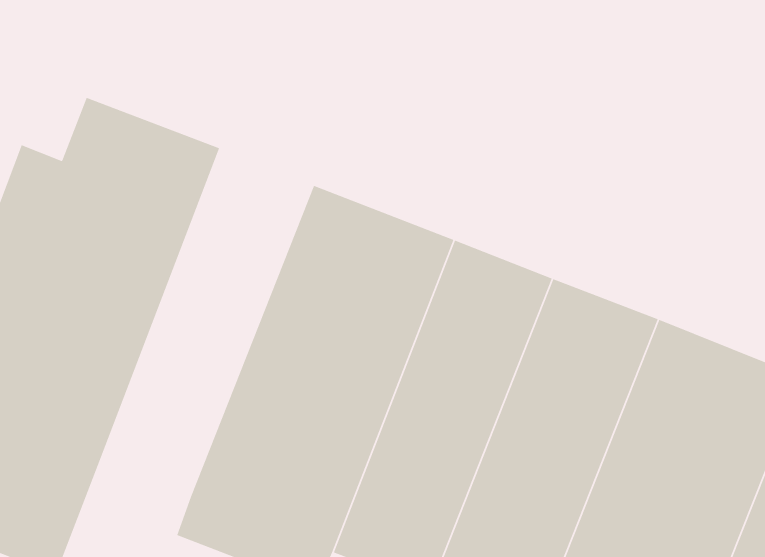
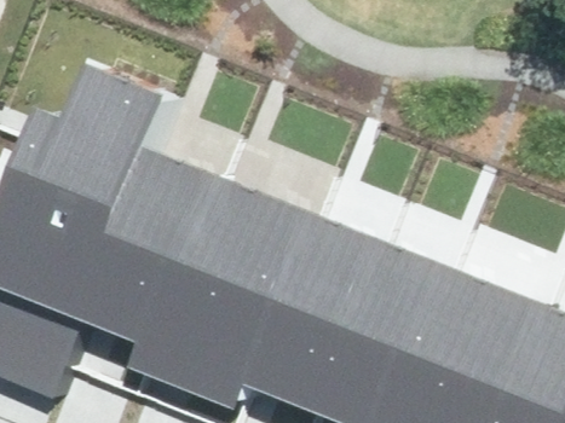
building: none -> [90,111,236,350]

